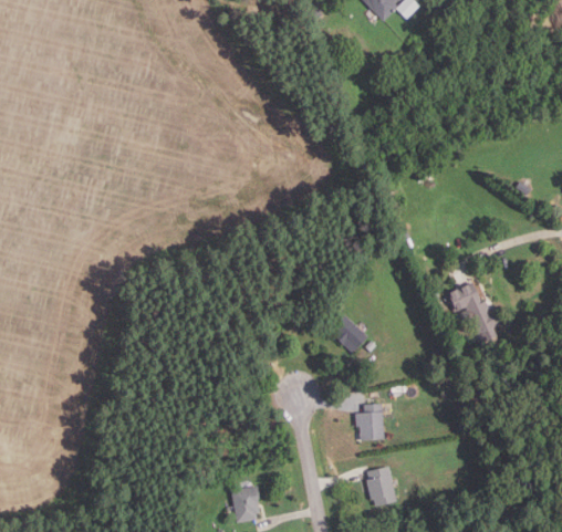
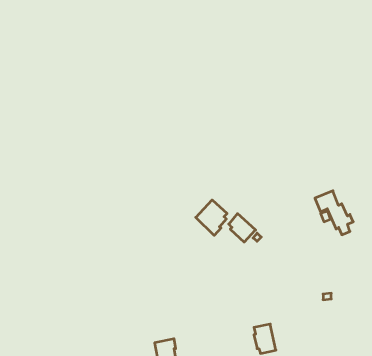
building: none -> [196,200,227,235]
building: [355,403,385,440] -> none

